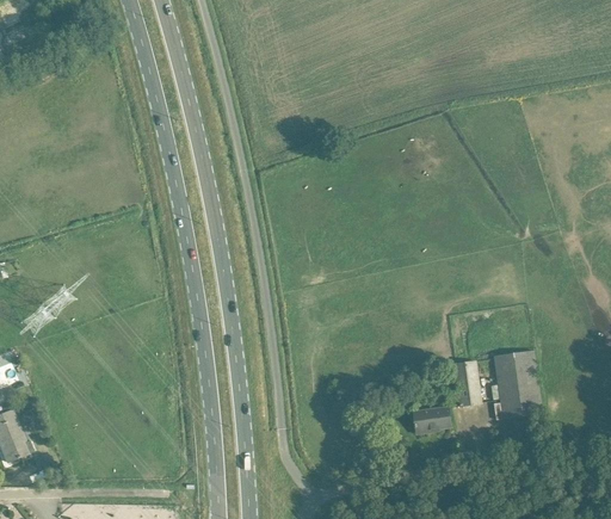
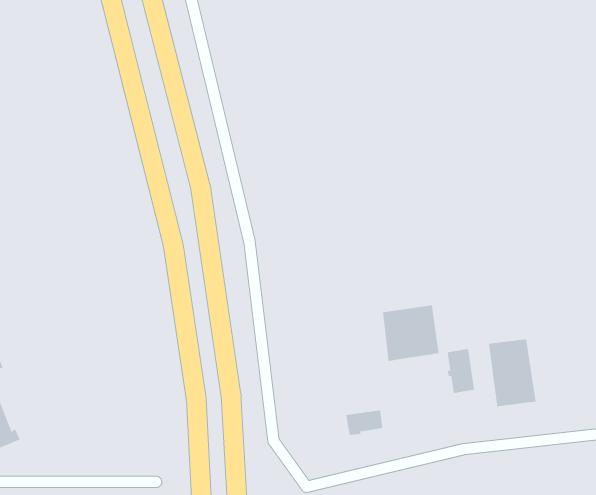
building: none -> [382,304,439,362]
building: [412,408,449,433] -> [346,410,383,435]

